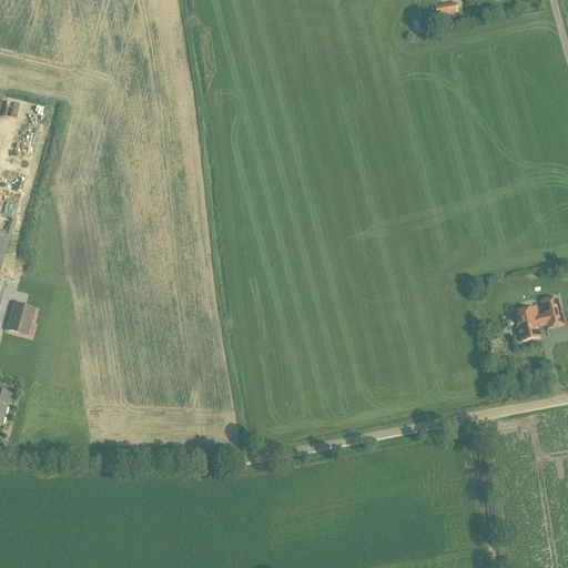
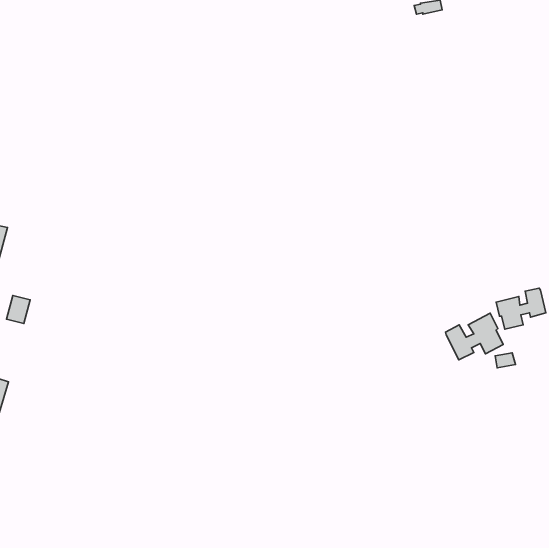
building: none -> [446,313,503,360]

